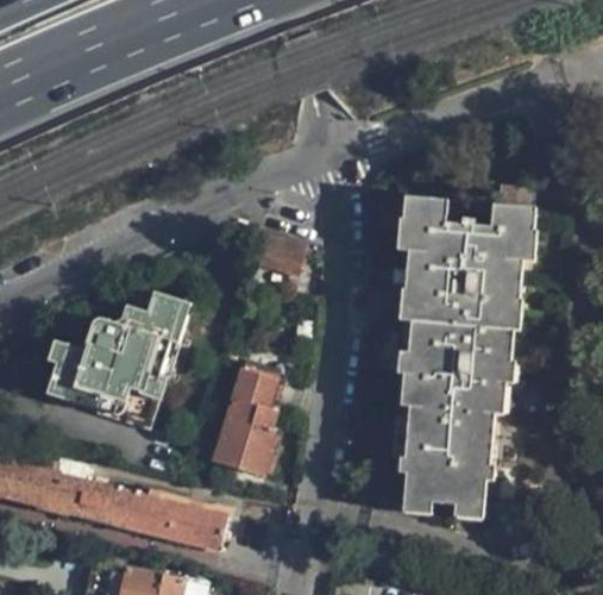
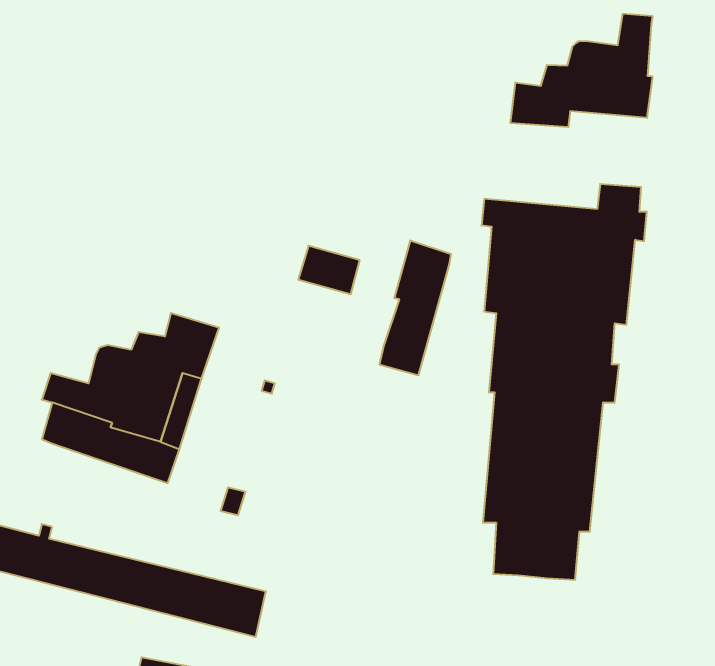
building: none -> [511,14,652,127]
building: none -> [380,240,451,375]
building: [212,368,276,476] -> none

